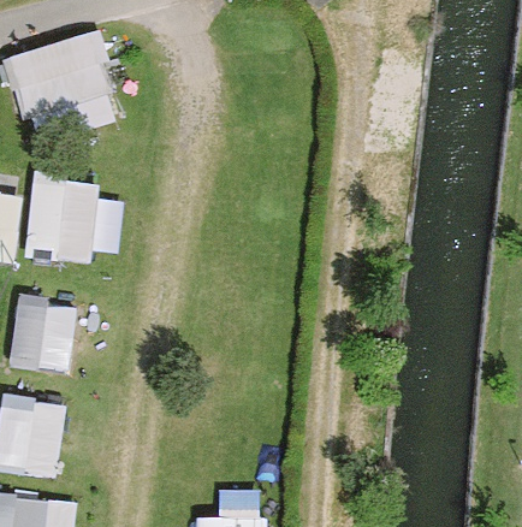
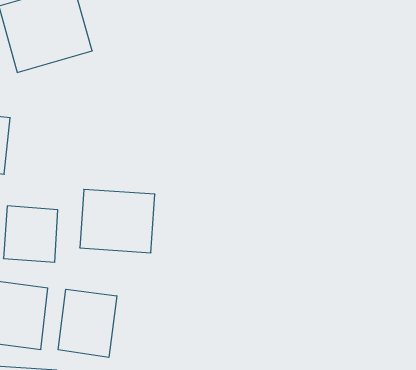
building: [31,184,123,261] -> [80,189,155,253]
building: none -> [58,289,117,357]

